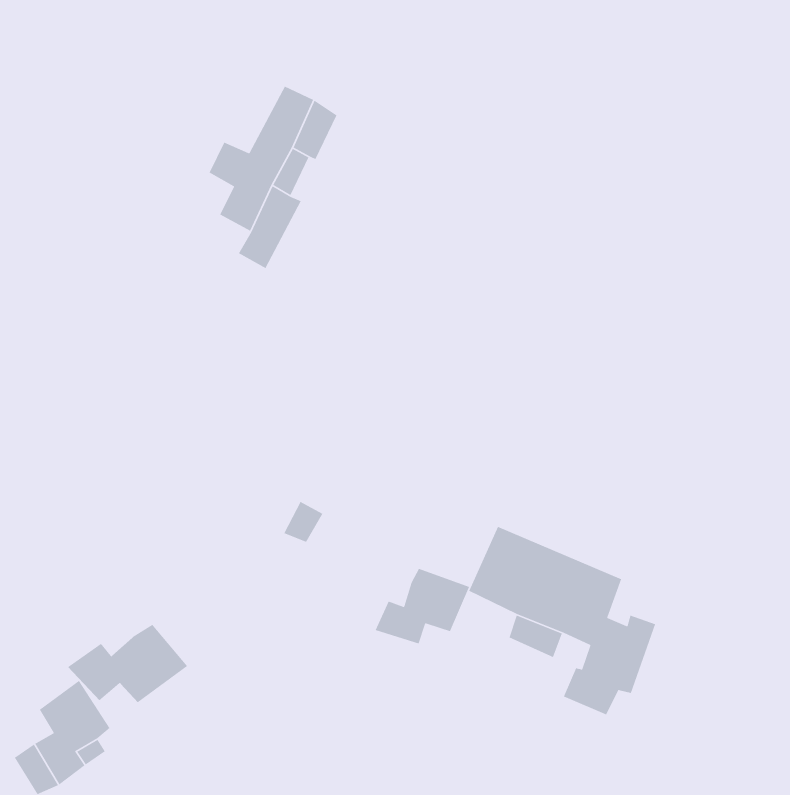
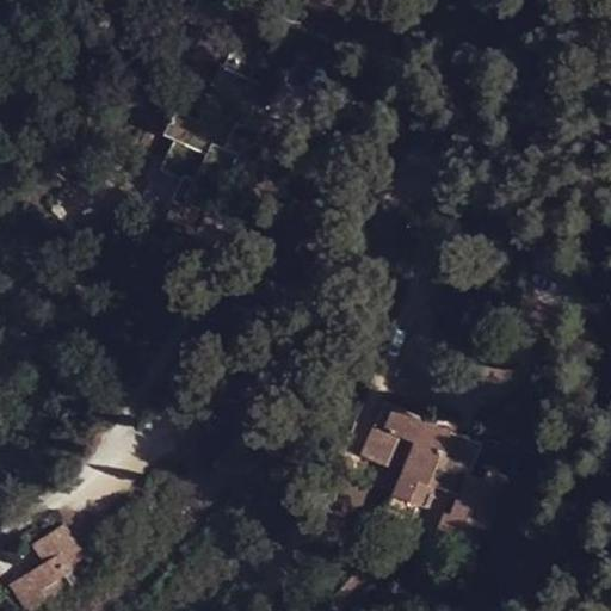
building: [375,568,470,645] -> none
building: [67,624,188,703] -> none

